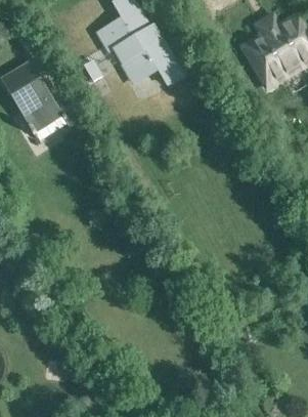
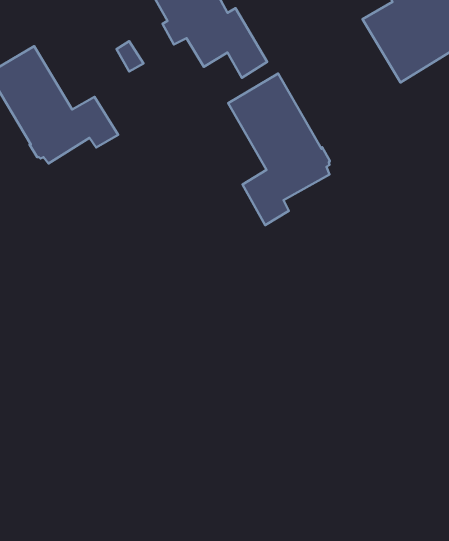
building: none -> [228,74,330,225]

